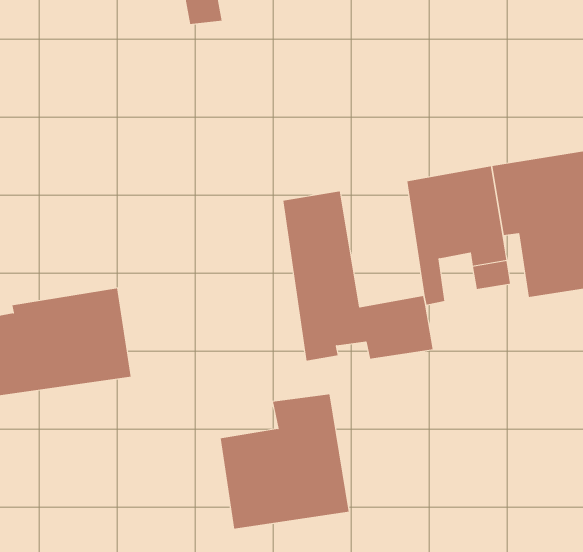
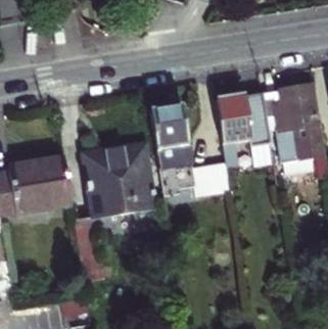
building: [220,394,350,529] -> [86,146,154,218]

